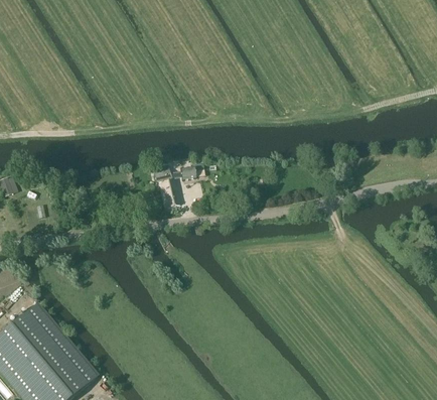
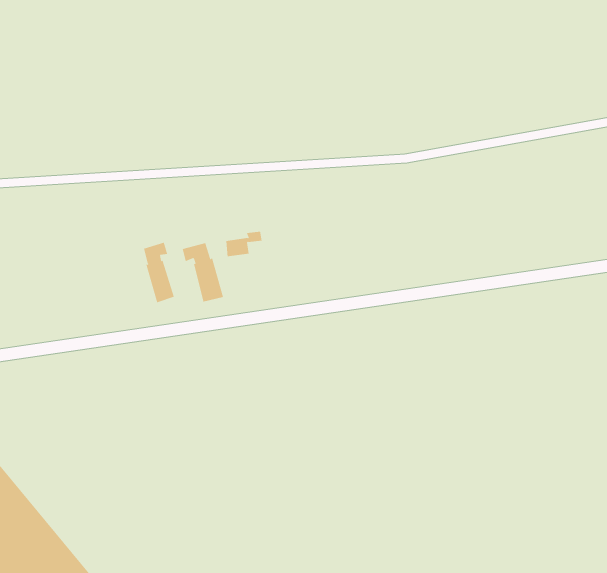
building: none -> [143,242,174,303]

